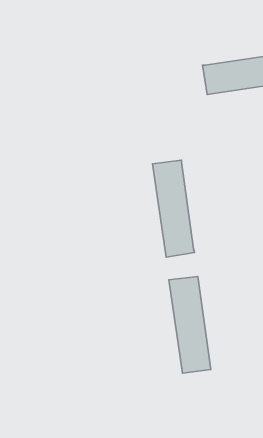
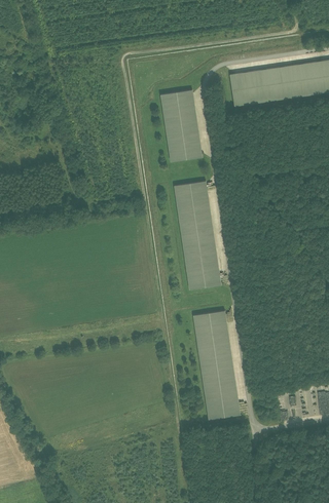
building: none -> [161,90,203,162]

